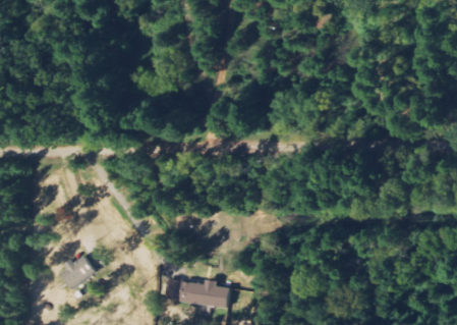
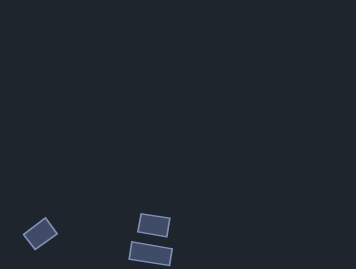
building: none -> [138,214,170,237]

